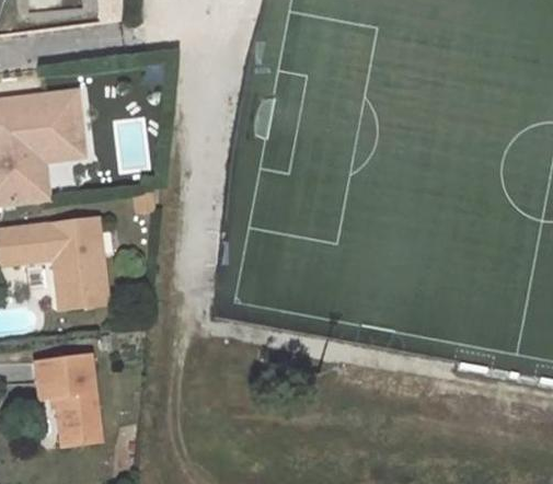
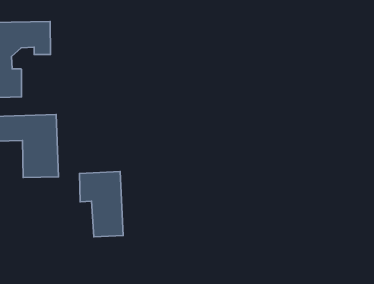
building: [25,128,81,160] -> none
building: [34,353,101,445] -> [80,171,123,237]

